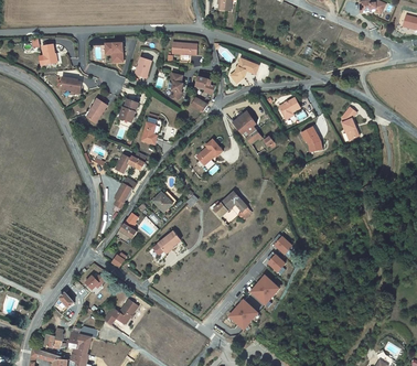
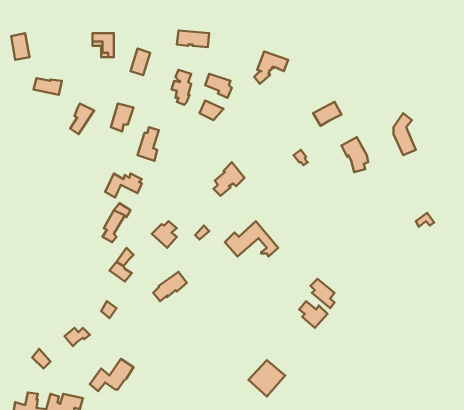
building: [231,112,261,144] -> none
building: [249,276,278,305] -> none

